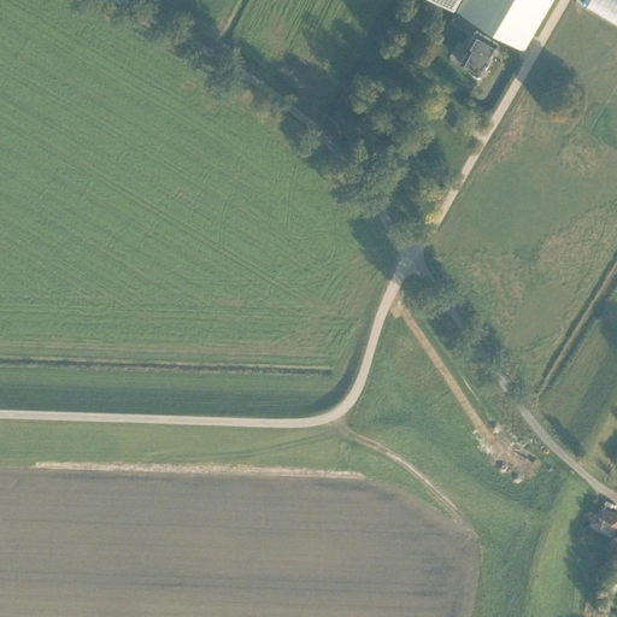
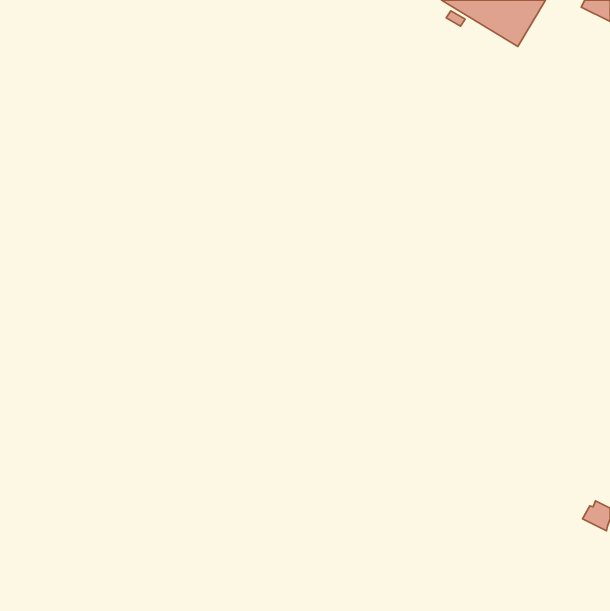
building: [459,29,498,75] -> none

